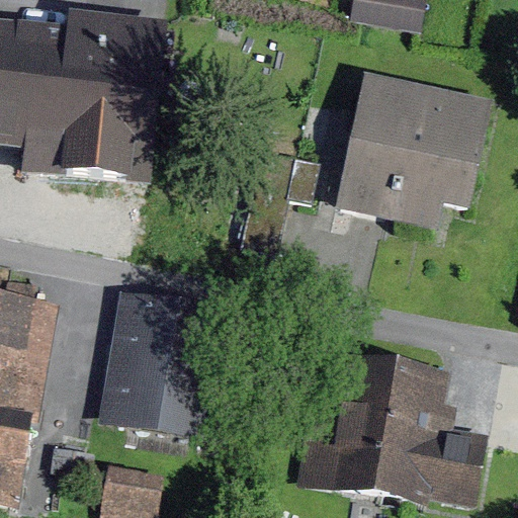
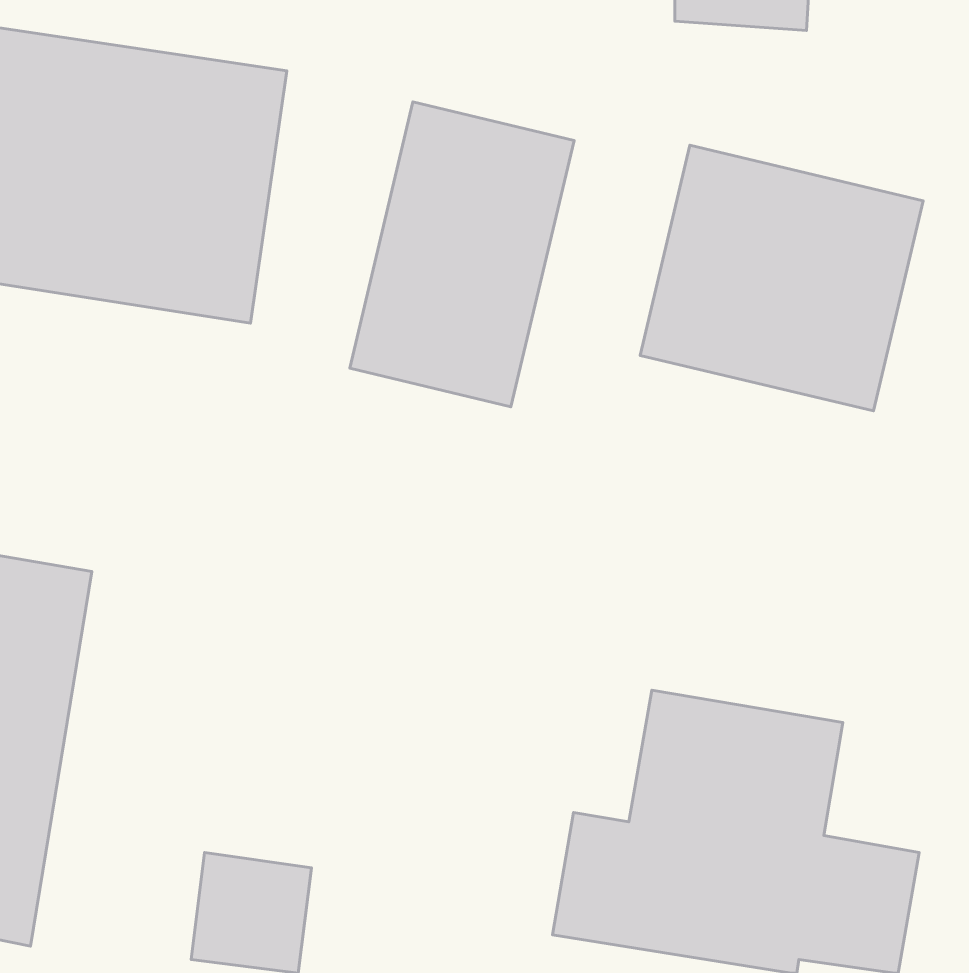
building: none -> [350,102,574,407]
building: [109,299,220,439] -> none

